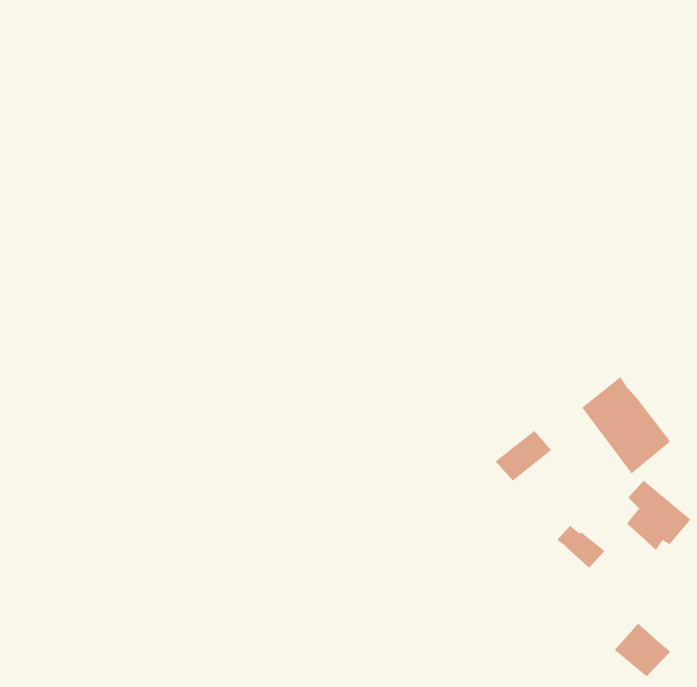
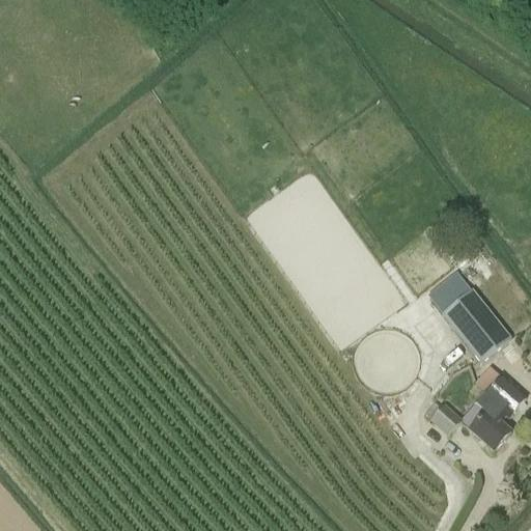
building: [495,430,552,482] -> [428,271,472,310]
building: [614,623,671,677] -> [468,408,511,449]

